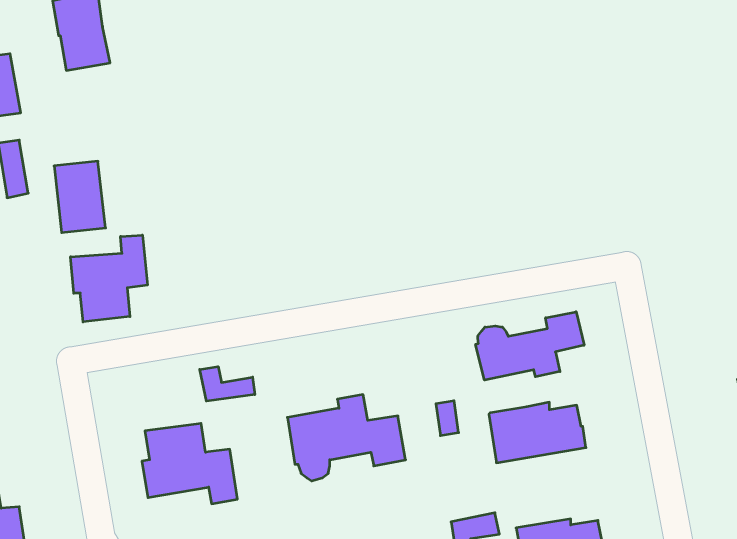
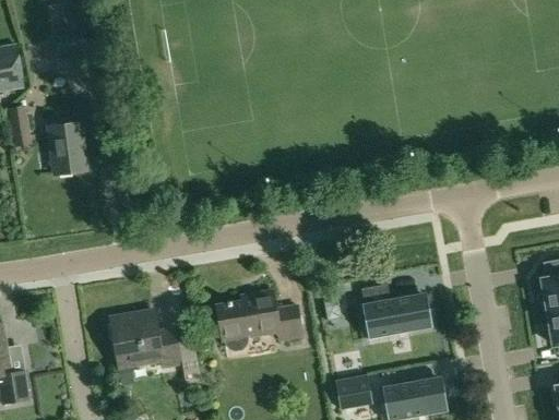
building: [71,235,147,322] -> none
building: [476,312,584,380] -> none
building: [200,367,255,401] -> none

